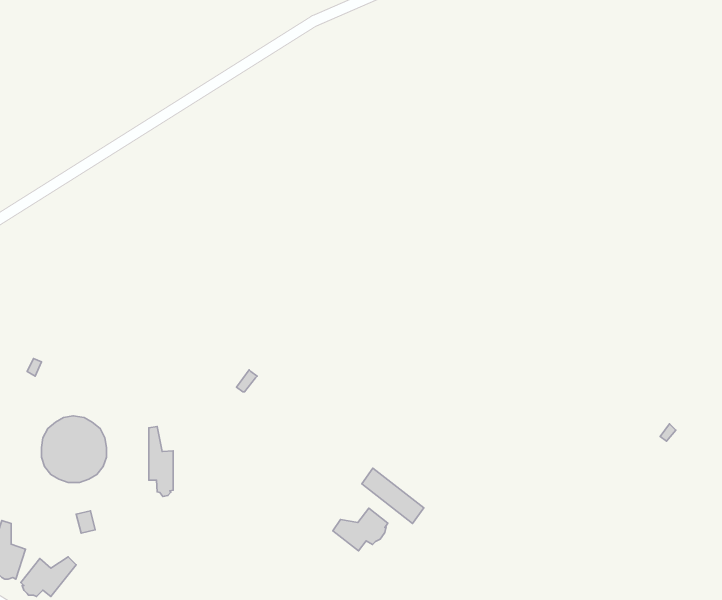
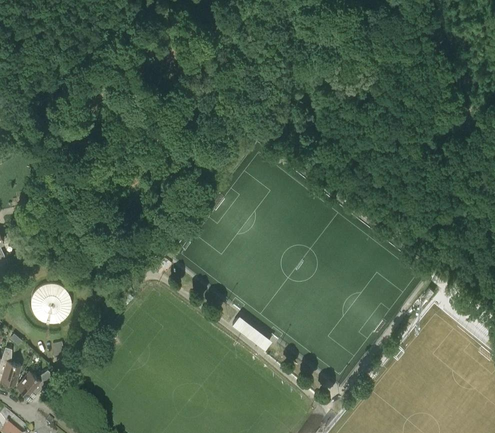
building: [149,426,173,496] -> none
building: [333,508,388,551] -> none

